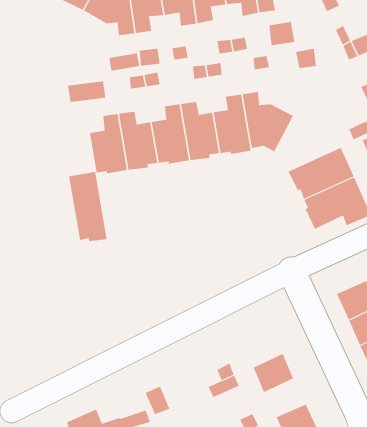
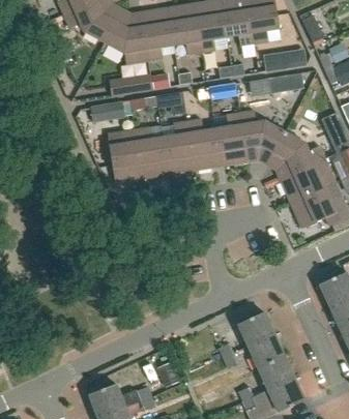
building: none -> [267,131,324,179]
building: [69,171,107,242] -> none
building: none -> [238,312,274,347]
building: none -> [258,356,294,389]

